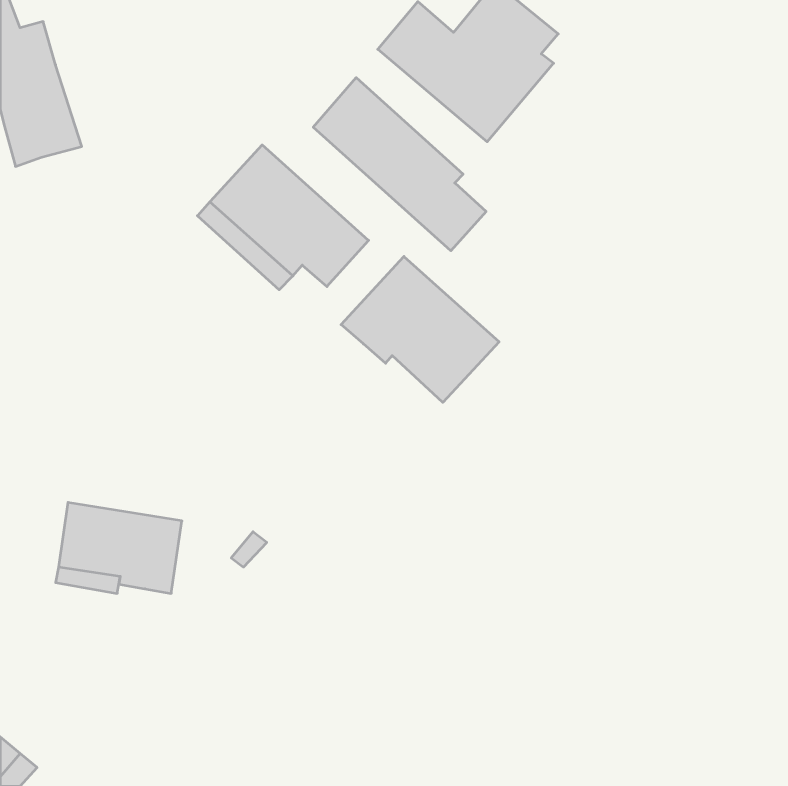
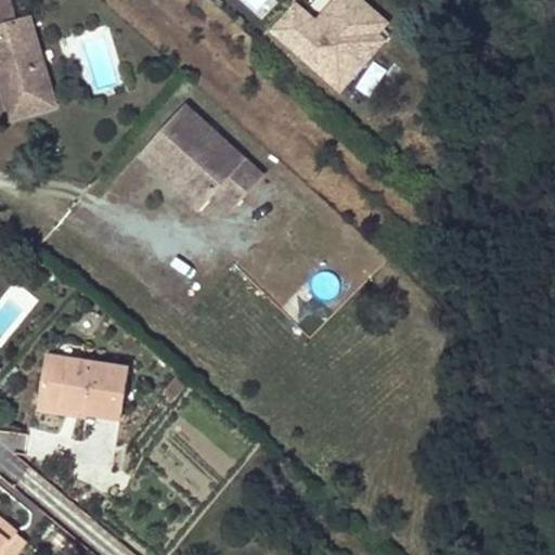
building: [313,78,486,251] -> none
building: [341,256,499,402] -> none

